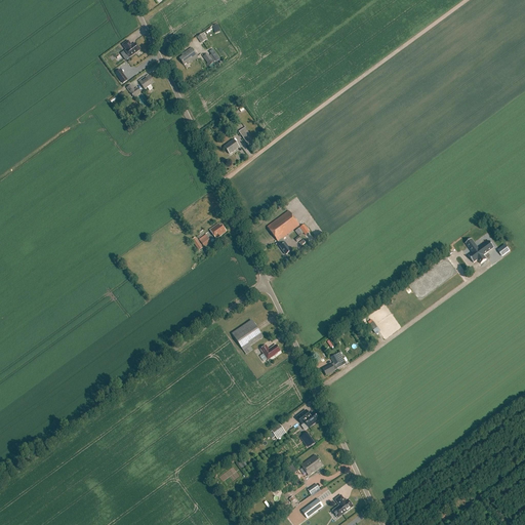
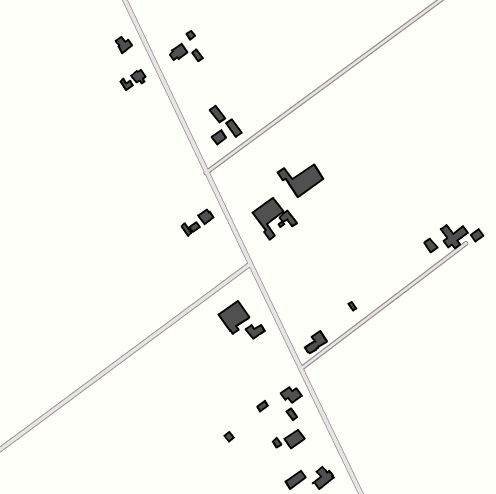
building: none -> [278,164,323,197]

